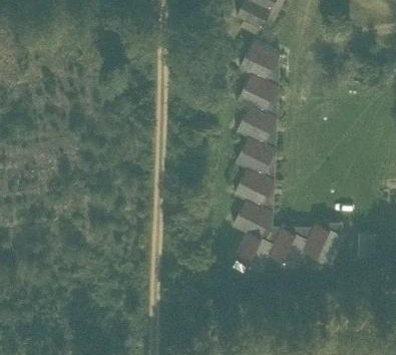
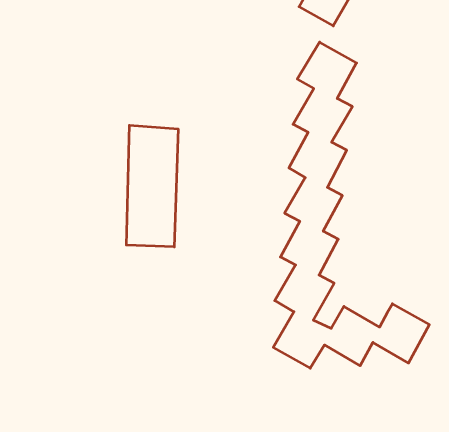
building: none -> [126,125,178,247]

